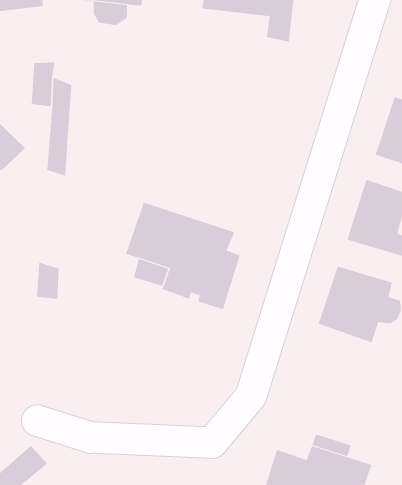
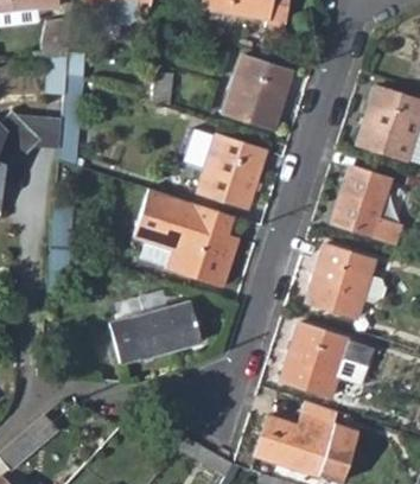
building: none -> [223,57,288,129]
building: none -> [197,136,265,209]
building: none -> [113,300,205,363]
building: none -> [281,327,373,396]

